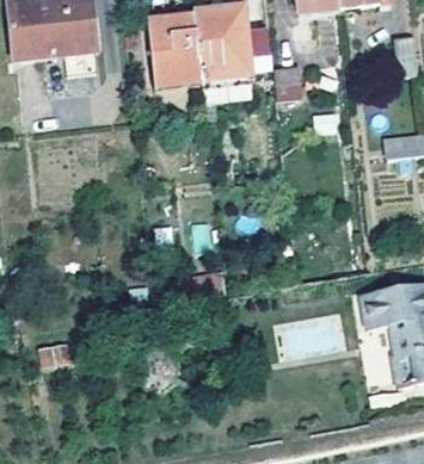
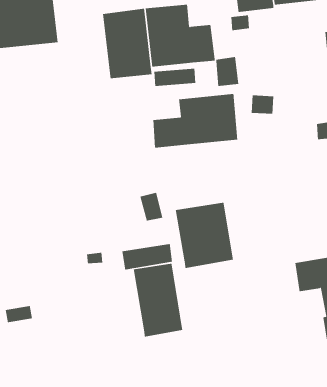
building: none -> [153,93,238,149]
building: none -> [175,202,234,269]
building: none -> [133,263,183,338]

